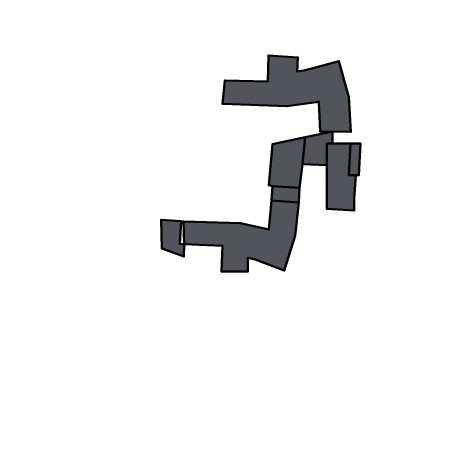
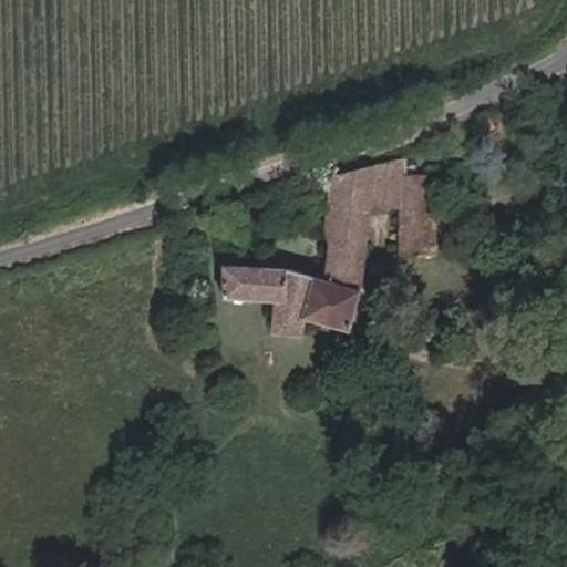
building: [222,56,351,132] -> none
building: [161,220,184,256] -> none

